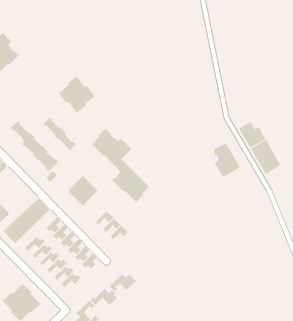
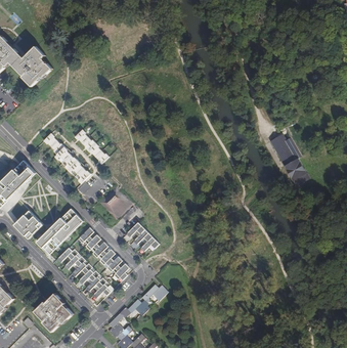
building: [58,76,96,114] -> none
building: [91,128,150,203] -> none
building: [213,142,241,178] -> none

